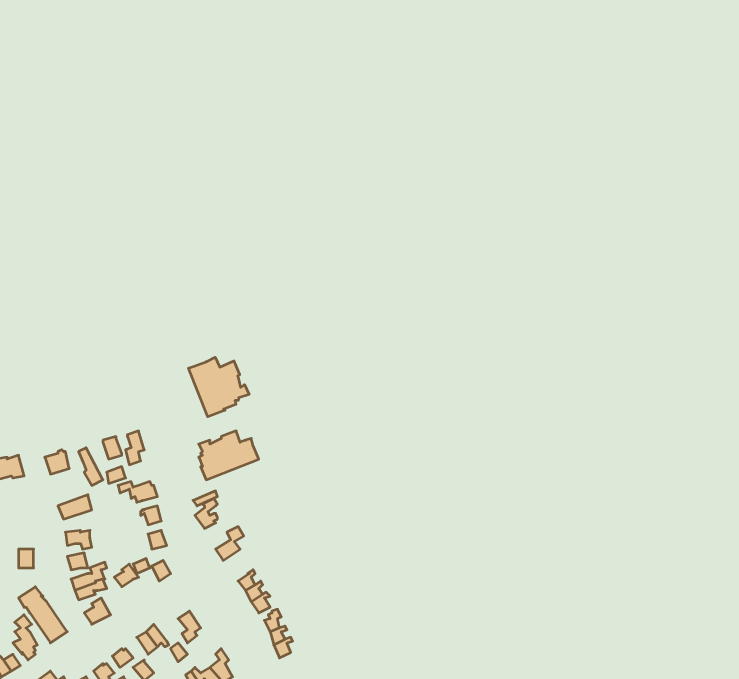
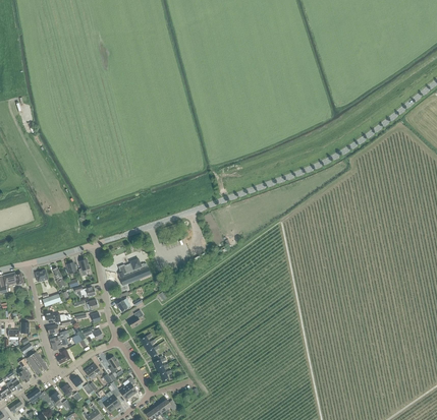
building: [189,357,249,417] -> none

